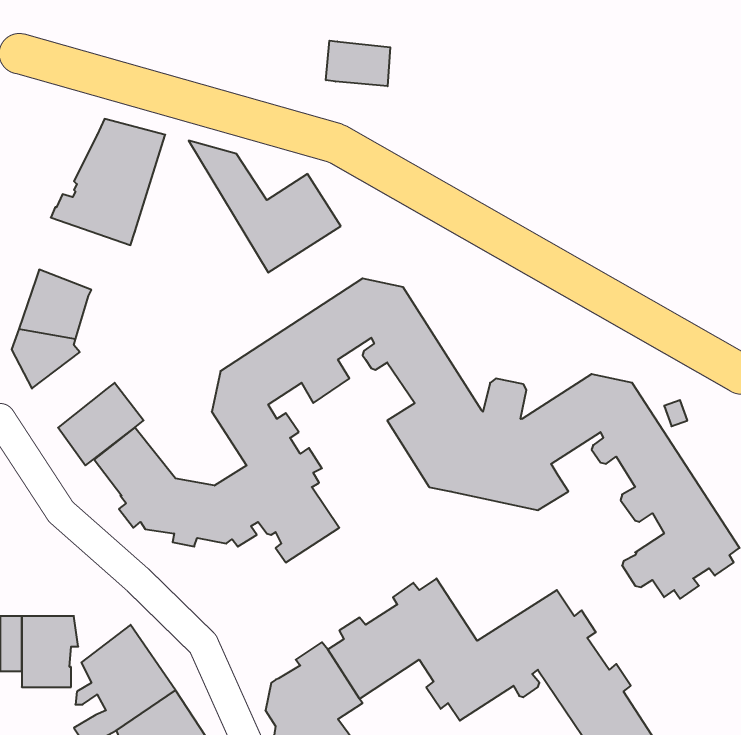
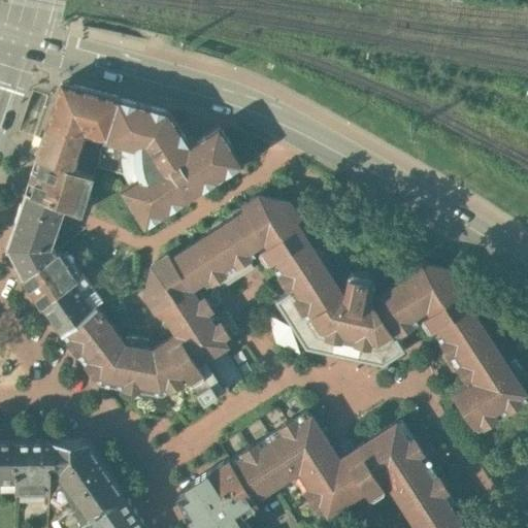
building: [326,41,390,86] -> none
building: none -> [96,100,191,227]
building: none -> [26,159,93,217]
building: none -> [23,253,76,308]
building: none -> [53,442,93,476]

